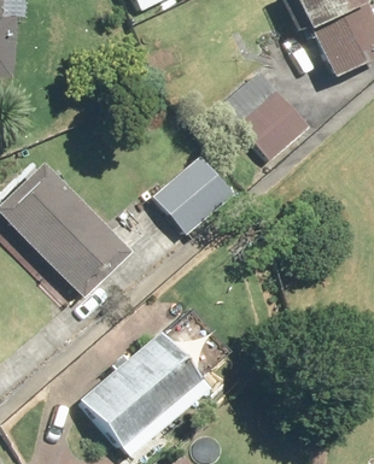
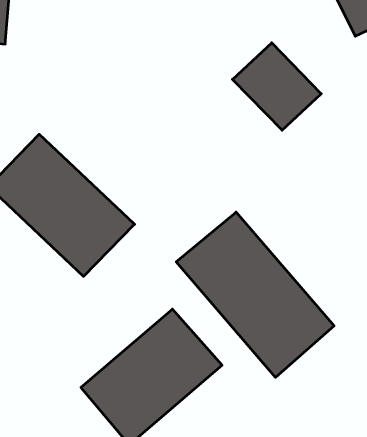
building: [152,160,229,236] -> none
building: none -> [176,212,334,377]

